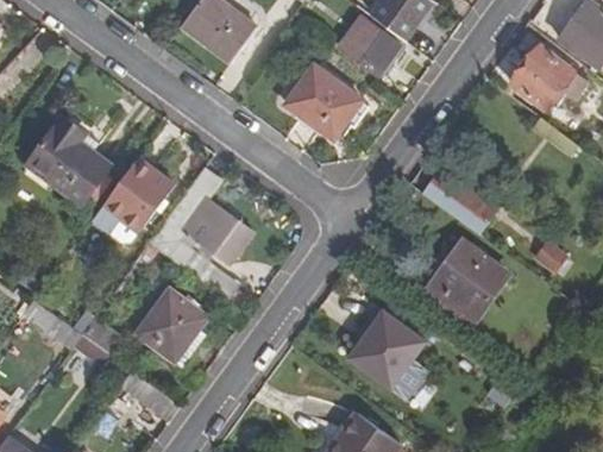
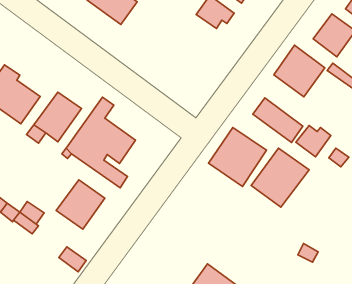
building: [285,67,359,138] -> none
building: none -> [274,45,325,97]
building: none -> [296,125,331,157]
building: [353,308,439,395] -> [208,127,267,187]

